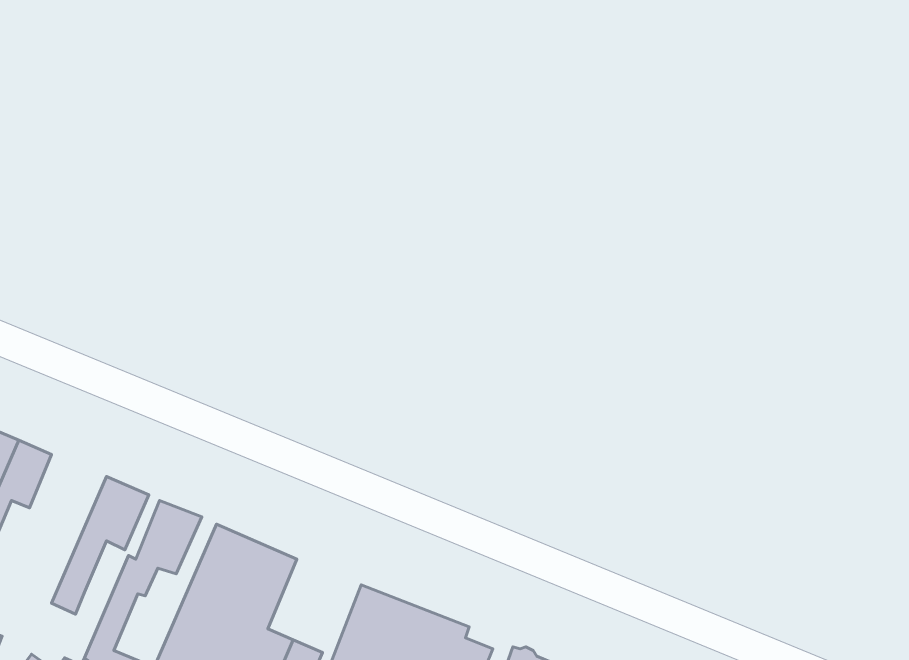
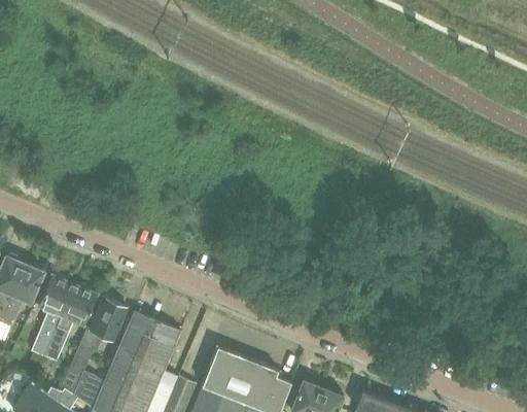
building: none -> [31,275,74,355]

